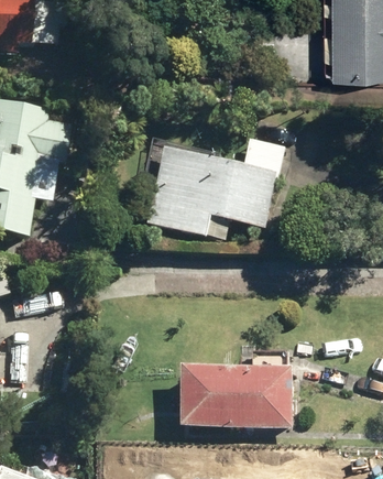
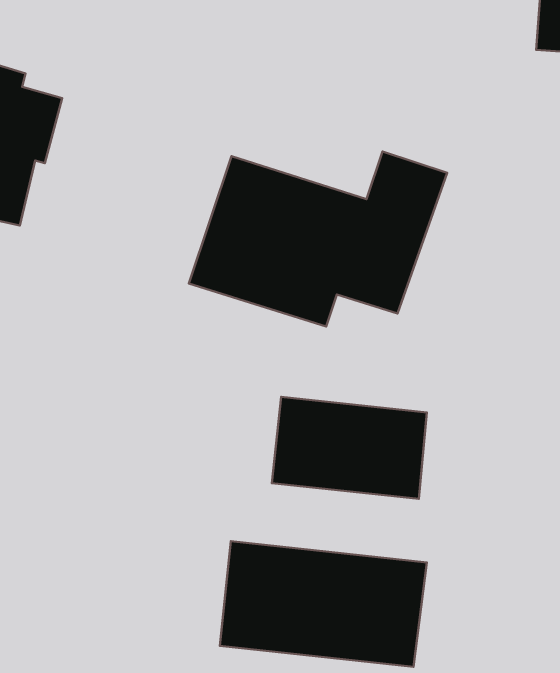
building: none -> [272,397,427,499]

